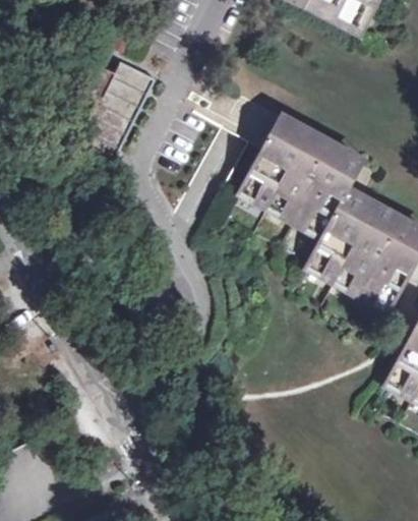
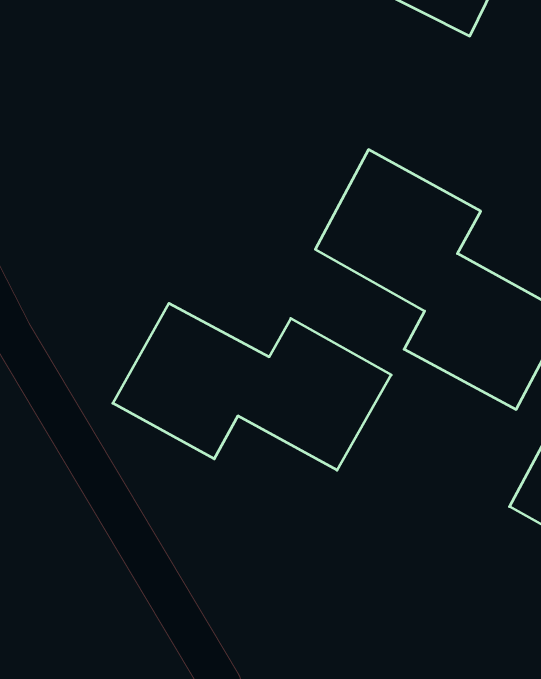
building: [79,55,155,152] -> none
building: none -> [113,303,391,470]

